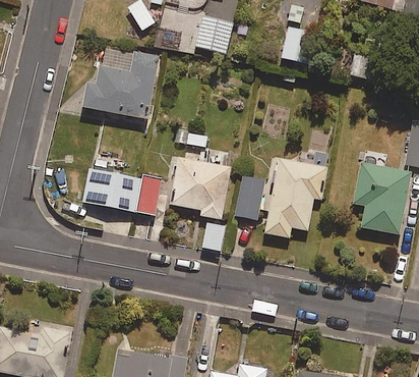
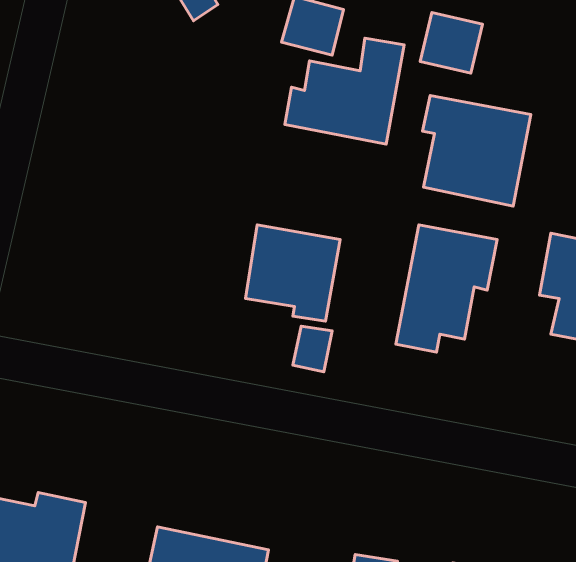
building: [84,53,159,119] -> [285,38,404,144]
building: none -> [422,96,531,206]
building: [83,169,161,214] -> none
building: [235,176,263,219] -> none

